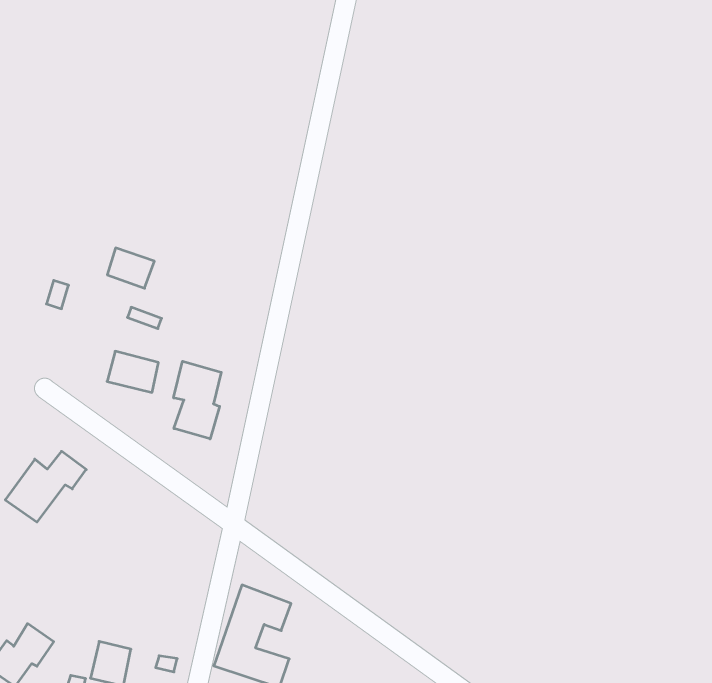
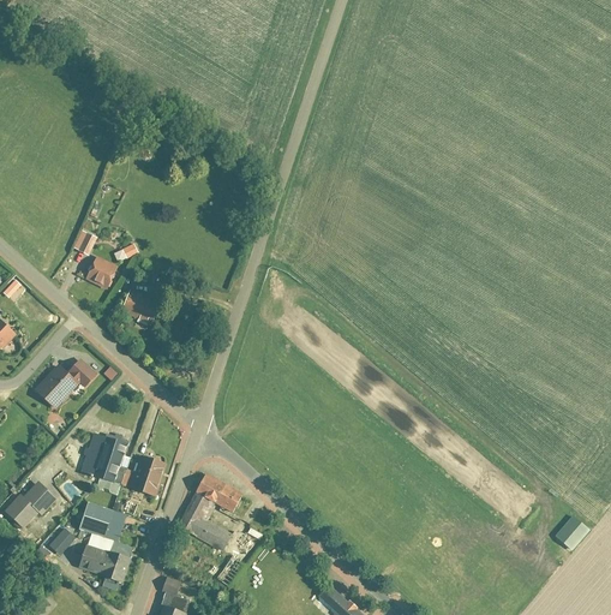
building: [107,248,154,288] -> [84,256,120,288]
building: [174,361,221,439] -> none
building: none -> [84,432,163,495]

